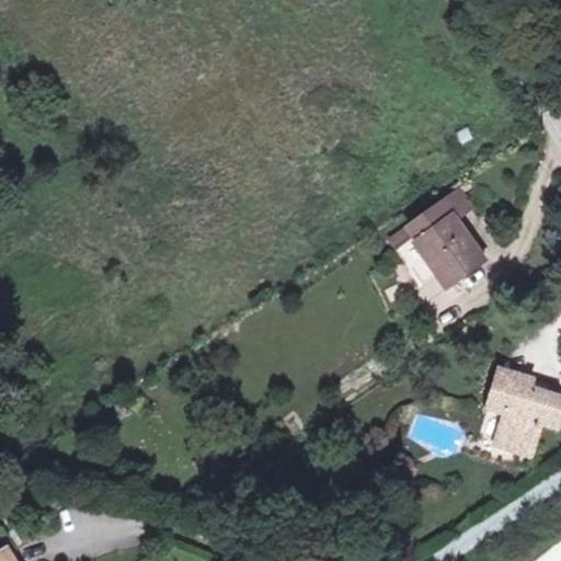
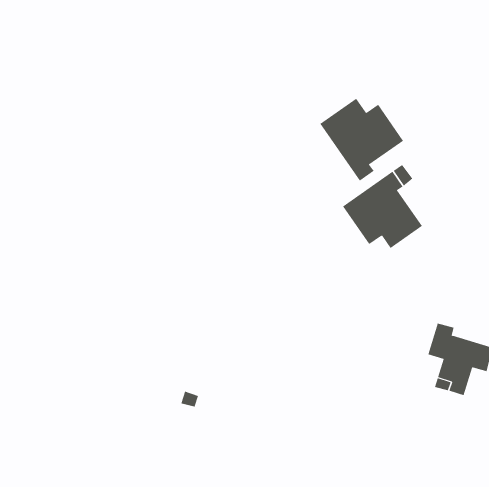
building: none -> [319,98,404,181]

